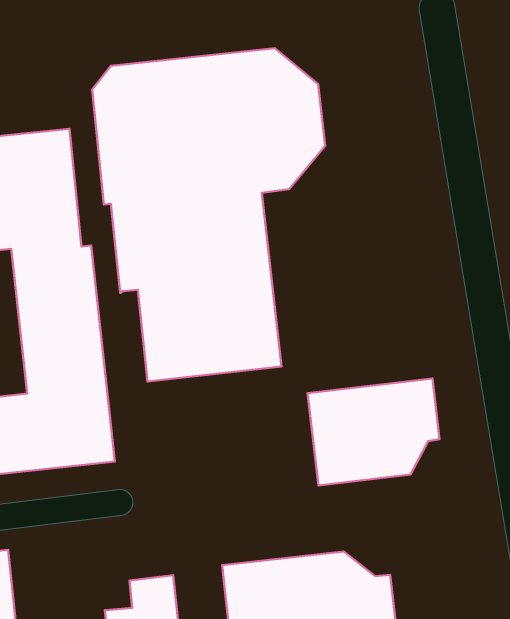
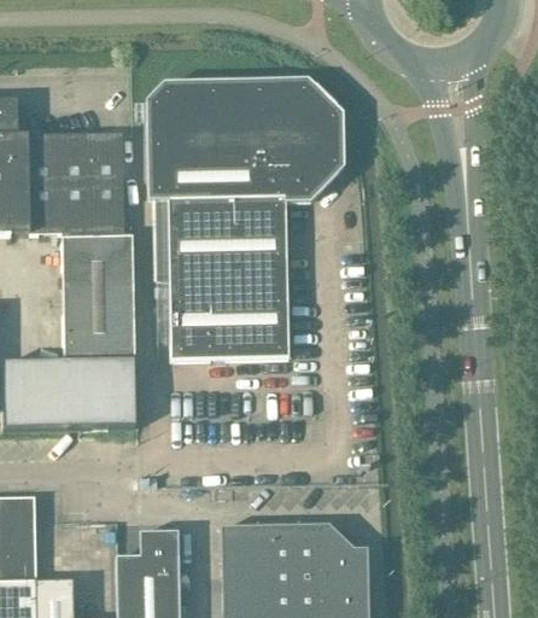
building: [307,379,440,486] -> none

